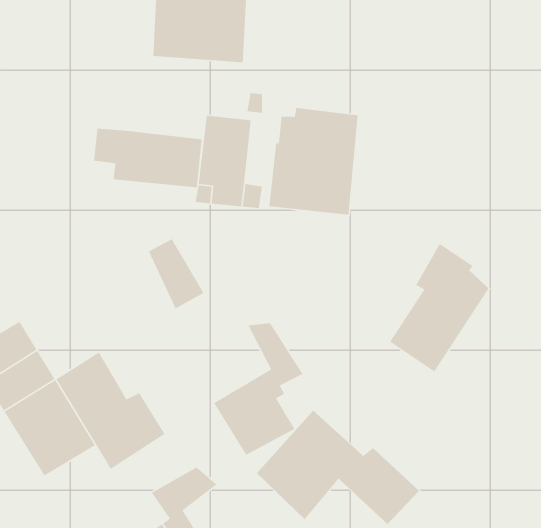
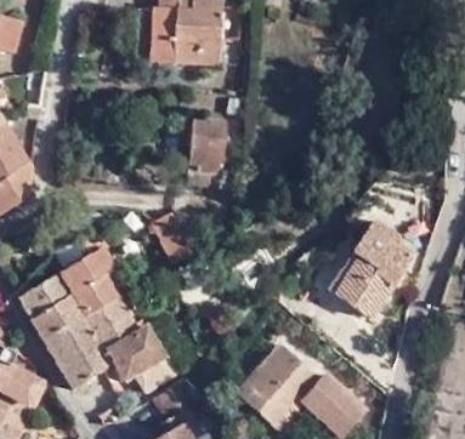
building: [268,107,359,216] -> none
building: [93,128,203,188] -> none
building: none -> [56,252,115,317]
building: [213,323,303,456] -> none

